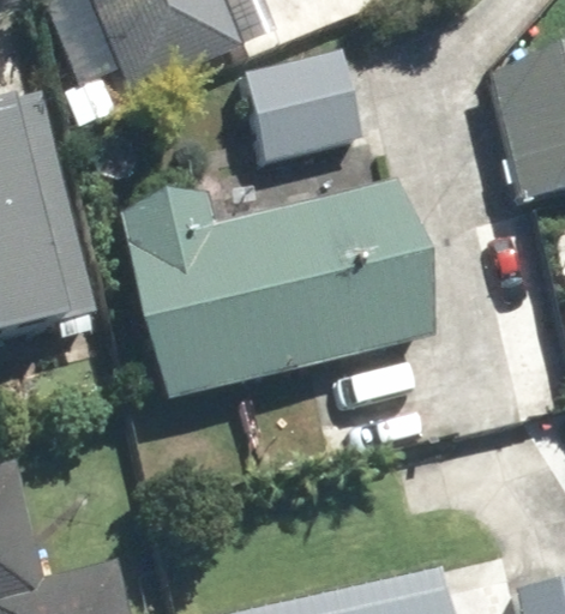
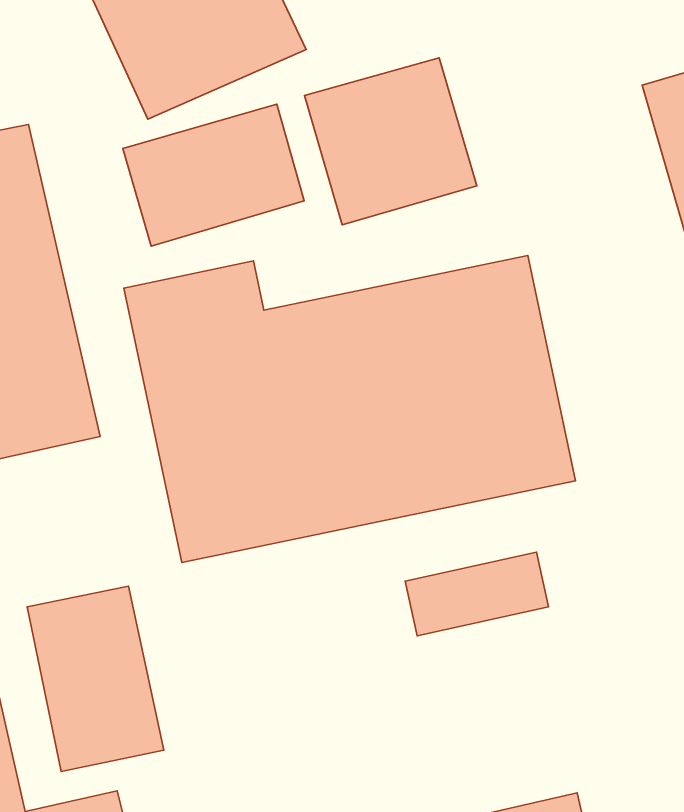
building: none -> [123,104,304,246]
building: none -> [27,586,164,771]

